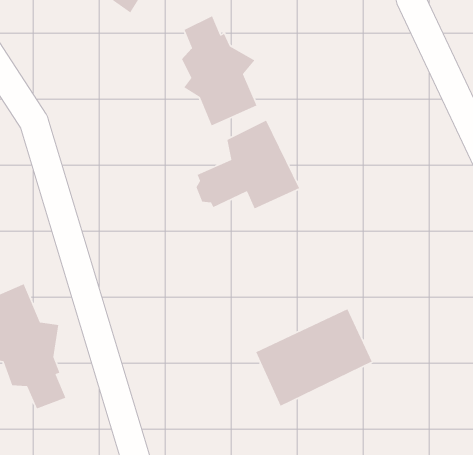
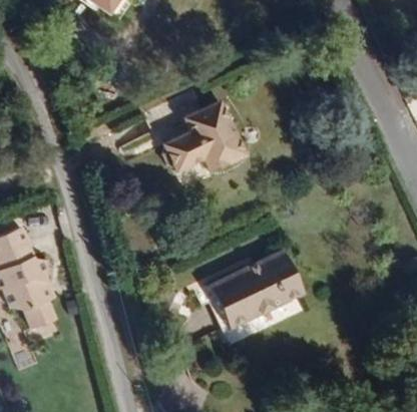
building: [181,15,258,126] -> none

